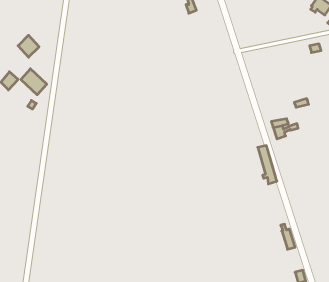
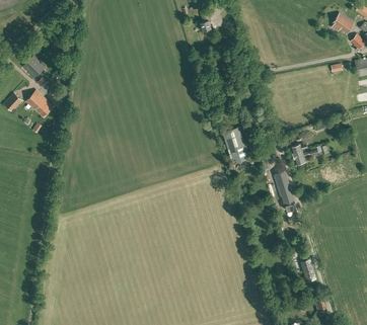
building: none -> [222,127,246,162]

